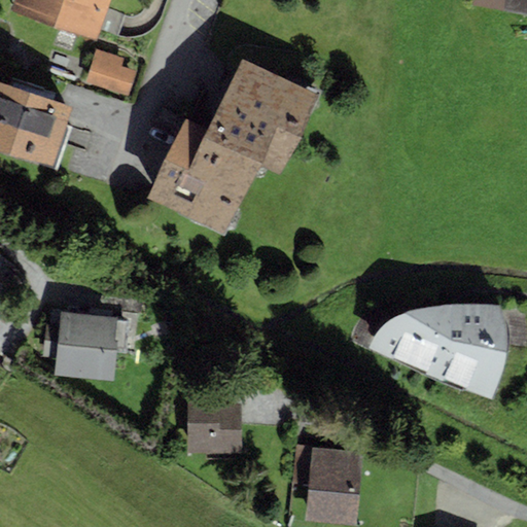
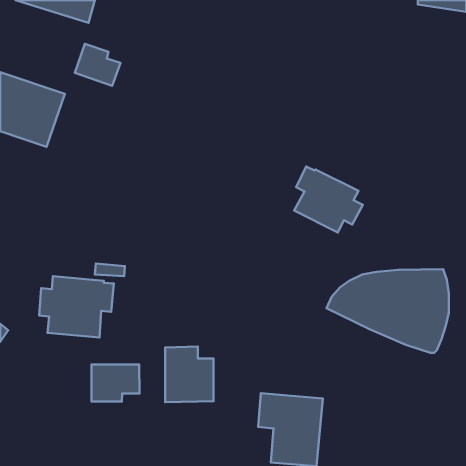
building: [146,58,318,237] -> none
building: none -> [294,166,363,233]
building: none -> [91,364,140,401]

